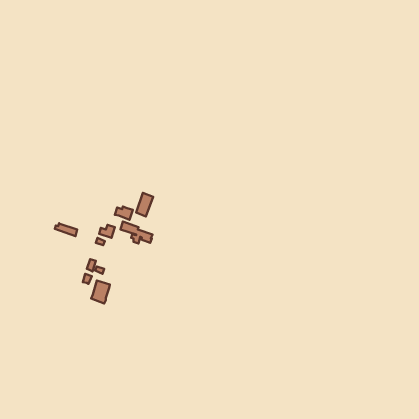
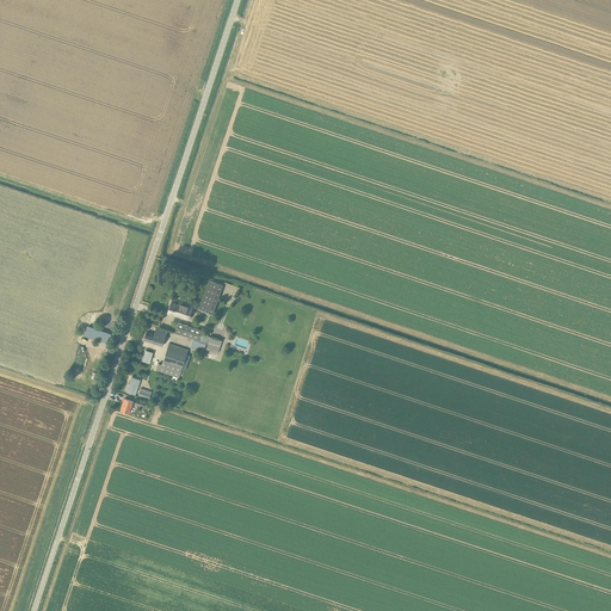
building: [91,281,110,303] -> [160,344,187,377]

